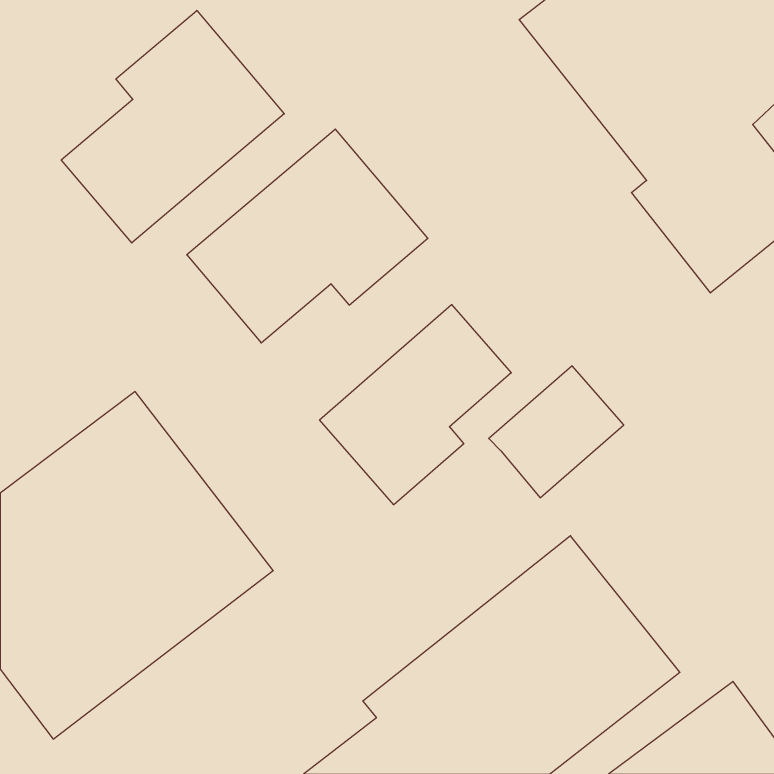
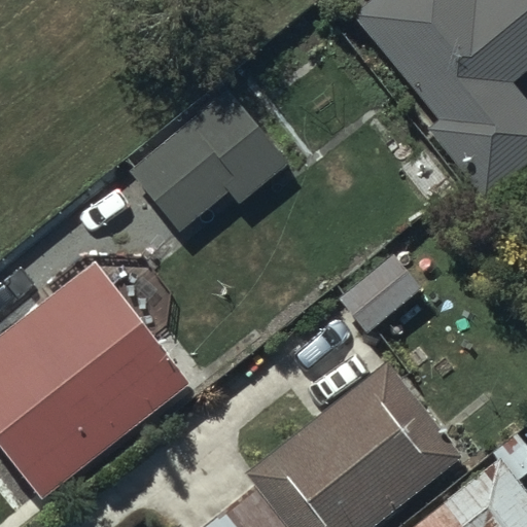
building: [61,10,284,243] -> none
building: [320,305,511,505] -> none

